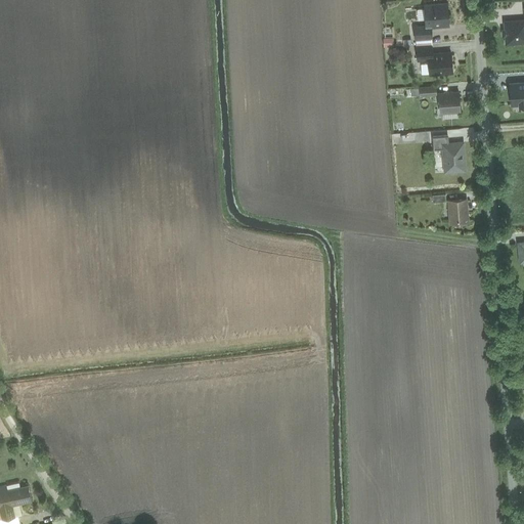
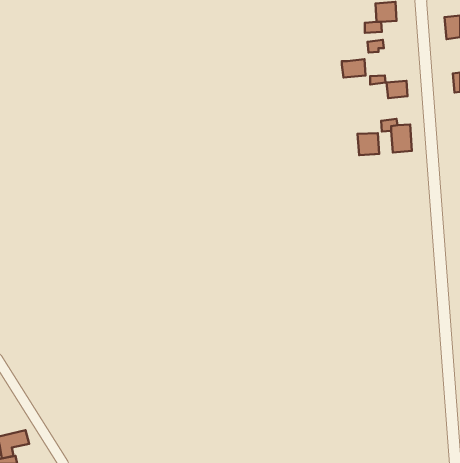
building: [427,53,453,74] -> [342,59,365,77]
building: none -> [357,133,379,155]
building: [447,199,469,223] -> none

